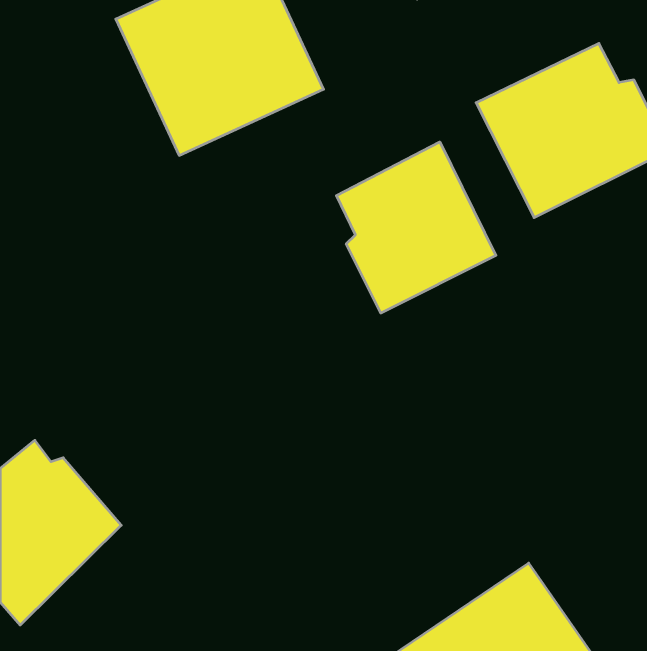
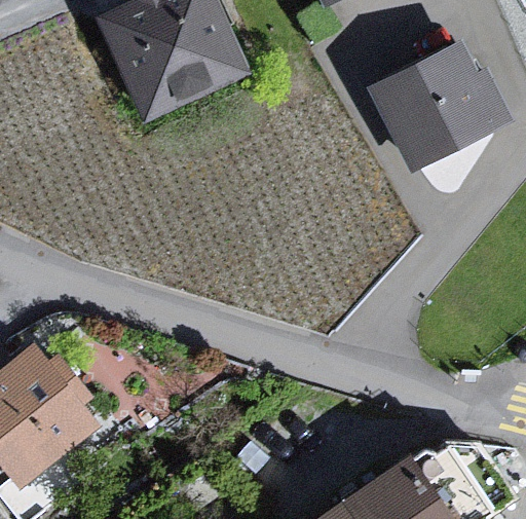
building: [336,142,496,313] -> none

